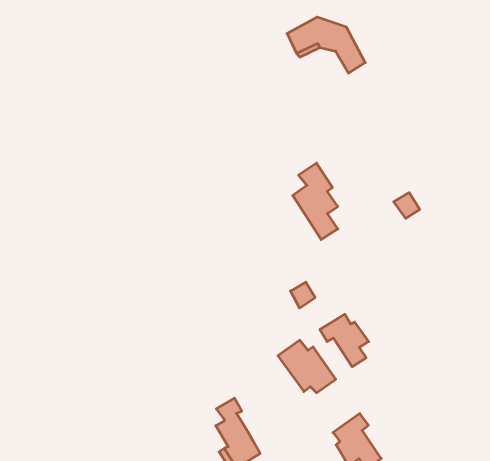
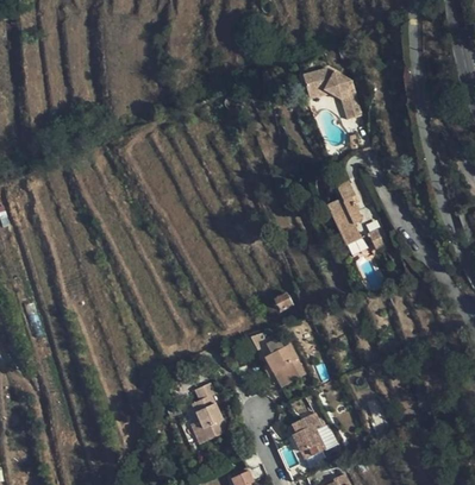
building: [293,163,338,240] -> [327,178,364,244]
building: [320,314,369,367] -> none

